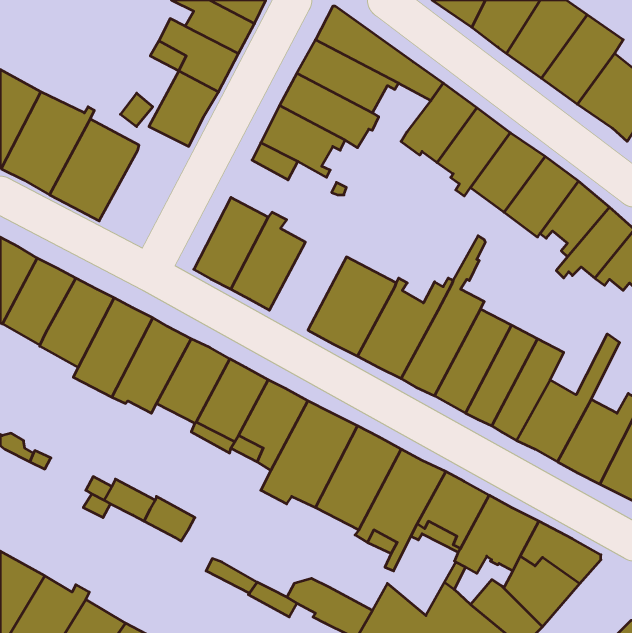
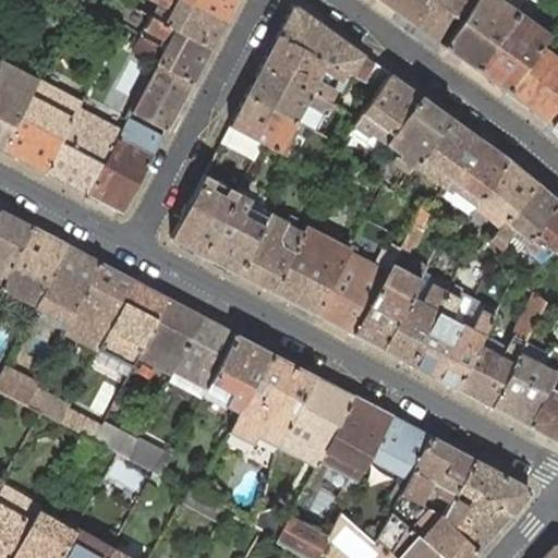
building: none -> [89,119,163,213]
building: none -> [239,214,304,291]

